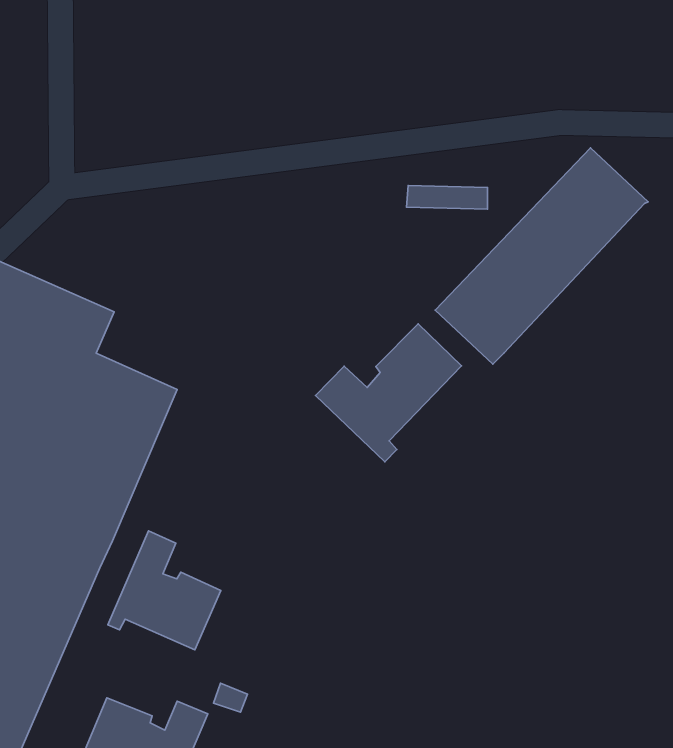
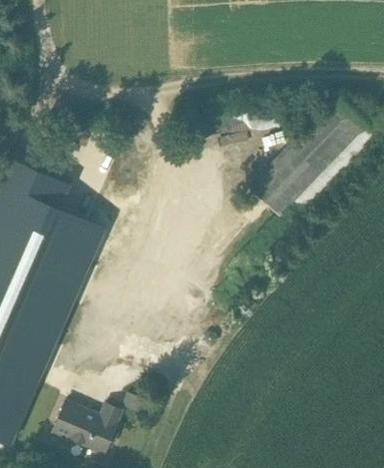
building: [316,324,462,462] -> none
building: [108,531,221,650] -> none

